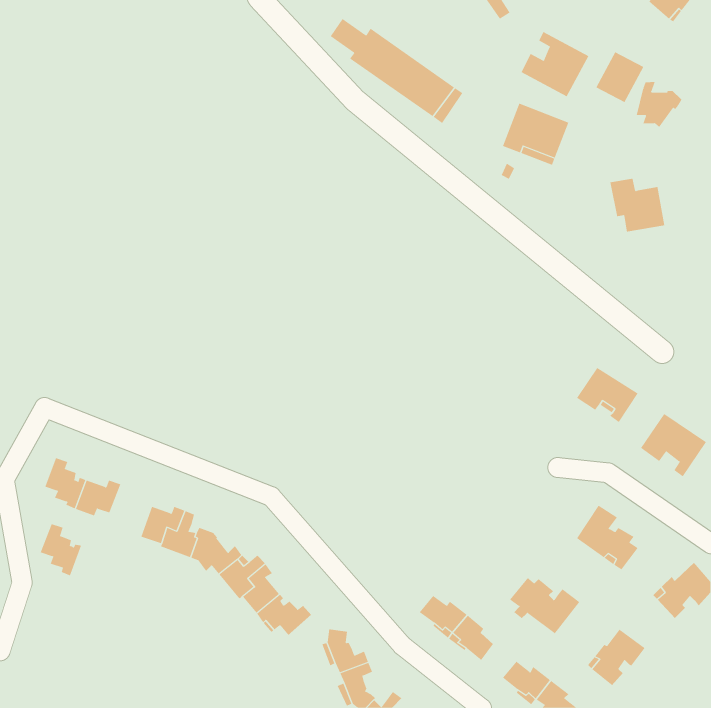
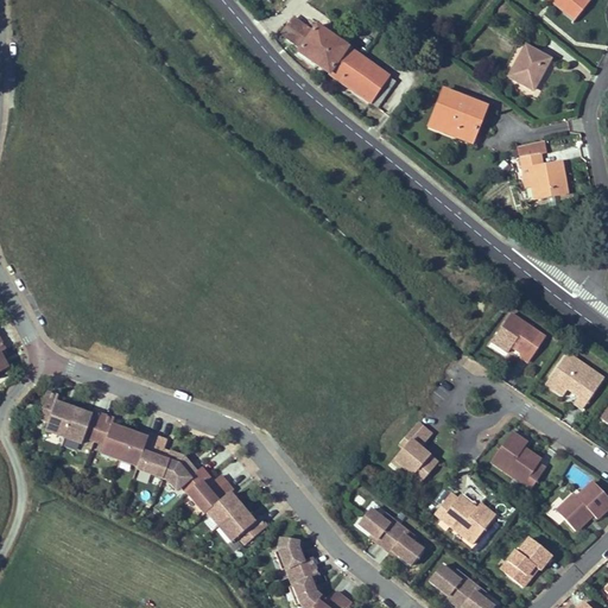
building: [521,31,589,97] -> none
building: [636,81,682,128] -> none
building: none -> [394,422,437,483]
building: [40,523,82,576] -> [94,413,129,458]

